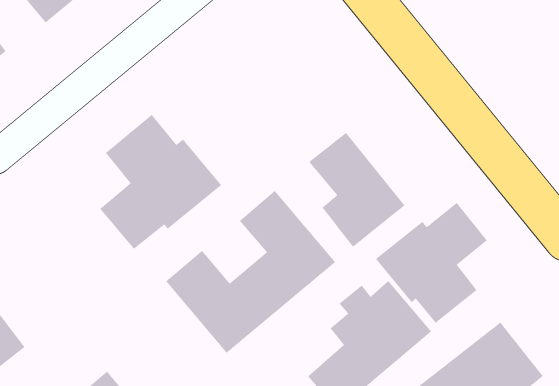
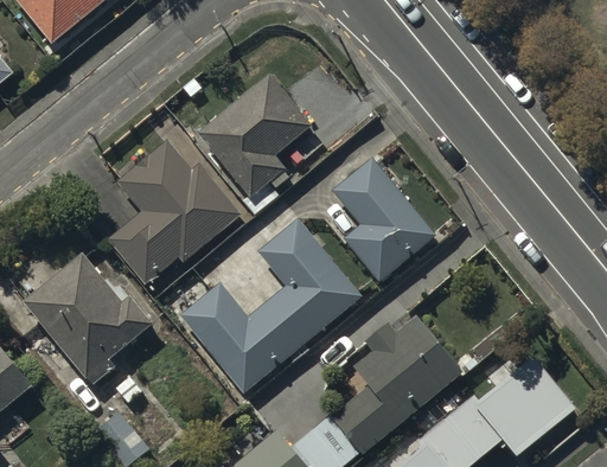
building: none -> [196,73,311,198]
building: [375,202,488,324] -> none
building: none -> [21,254,153,384]

